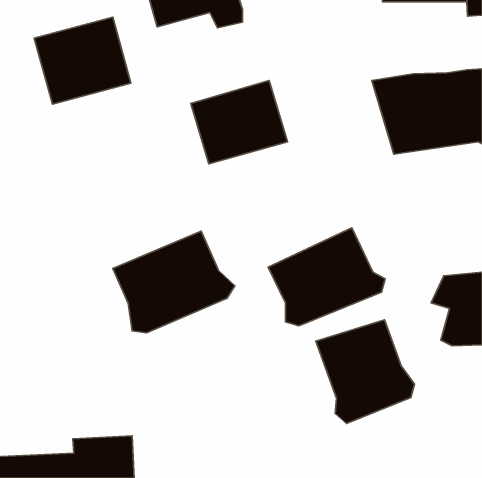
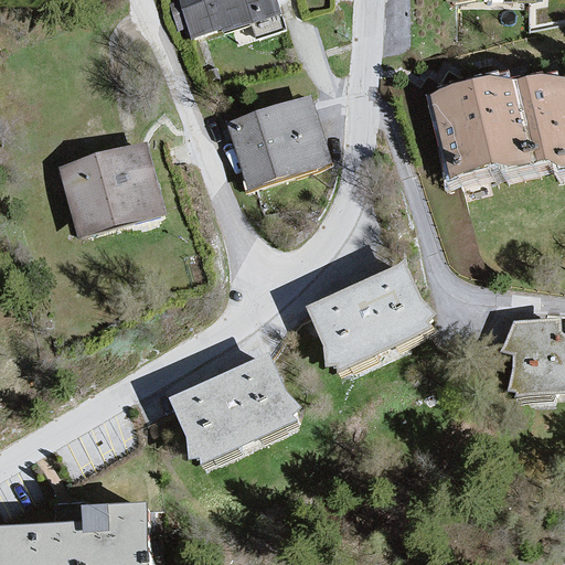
building: [34,17,131,104] -> [52,137,163,237]
building: [113,231,235,333] -> [169,351,309,468]
building: [316,320,415,424] -> none

